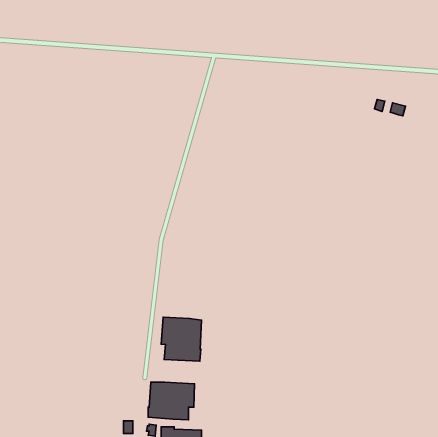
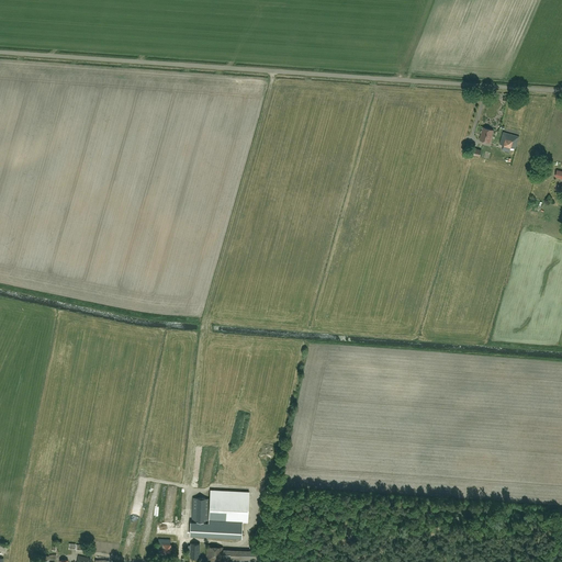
building: [161,317,202,361] -> none

